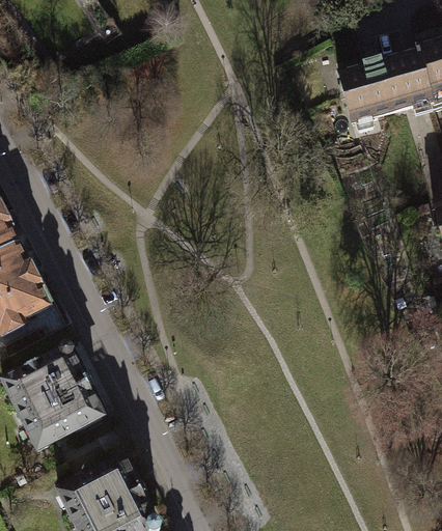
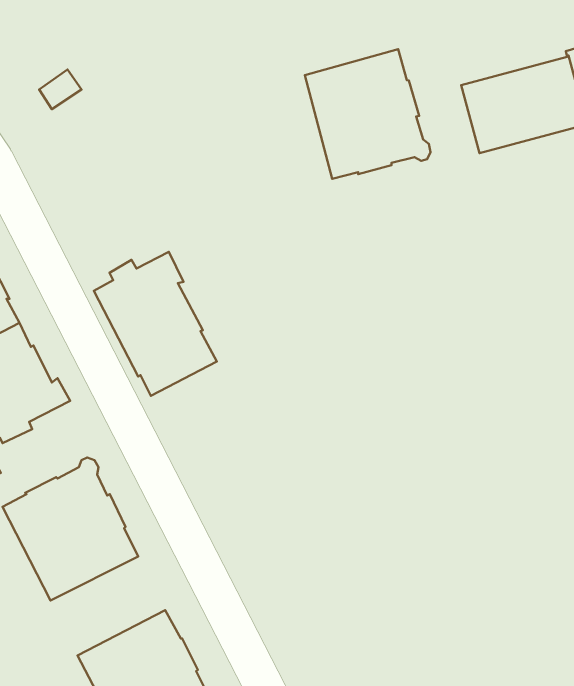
building: none -> [305,49,431,179]
building: none -> [94,252,217,396]

